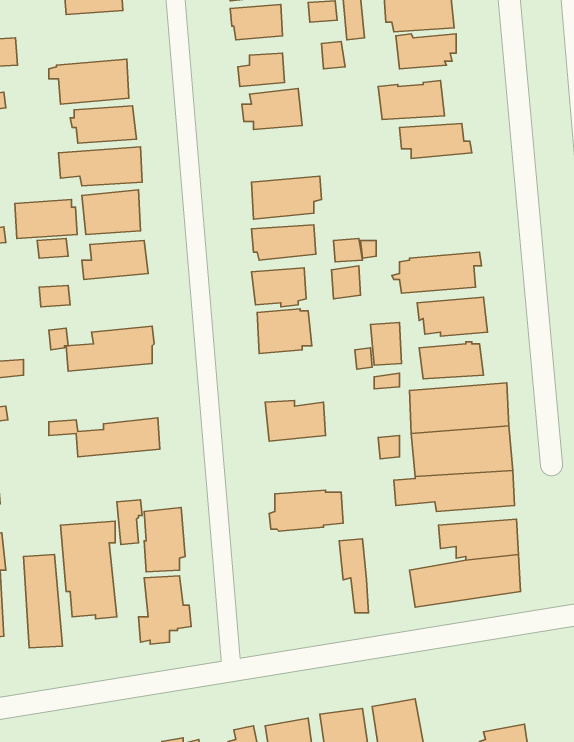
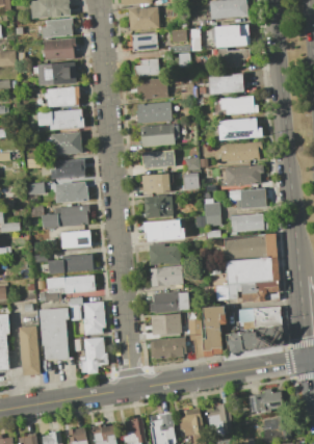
building: none -> [43,37,76,60]
building: none -> [136,101,172,123]
building: none -> [217,117,261,139]
building: [15,199,77,238] -> [54,181,87,202]
building: none -> [220,141,259,162]
building: none -> [143,219,184,241]
building: none -> [53,229,90,249]
building: none -> [150,265,183,286]
building: none -> [38,275,95,302]
building: none -> [202,306,226,357]
building: none -> [150,313,181,335]
building: none -> [149,337,186,358]
building: none -> [248,389,282,413]

